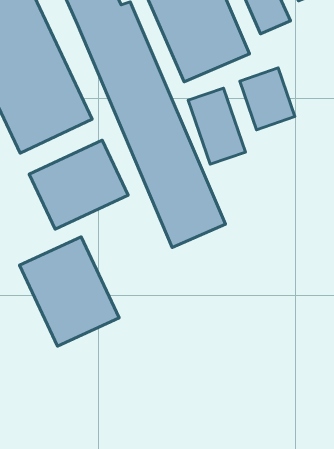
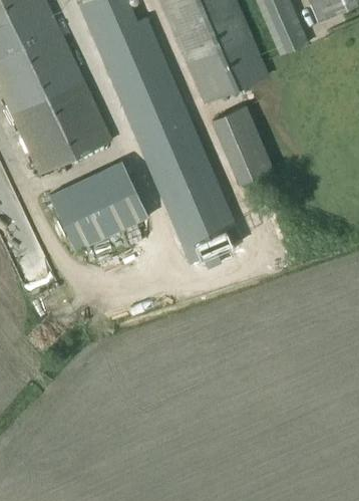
building: [240,68,295,130] -> none
building: [20,237,119,346] -> none

